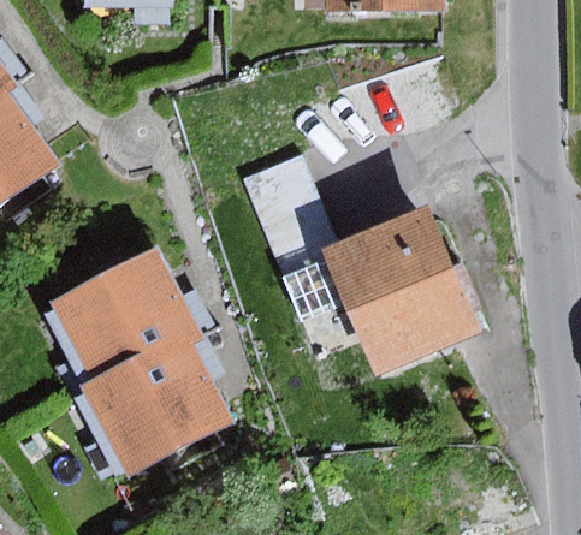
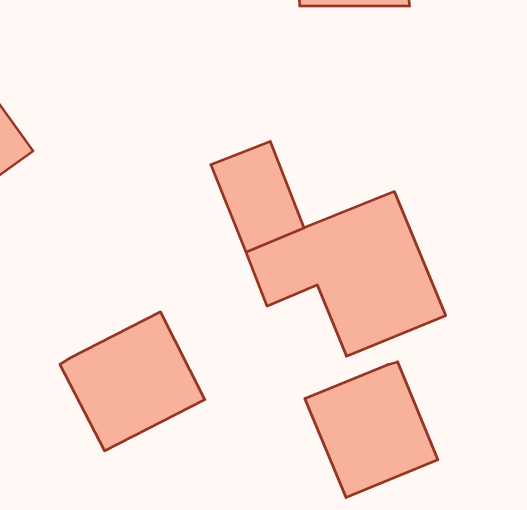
building: [51,245,195,378] -> none
building: none -> [305,362,438,498]

